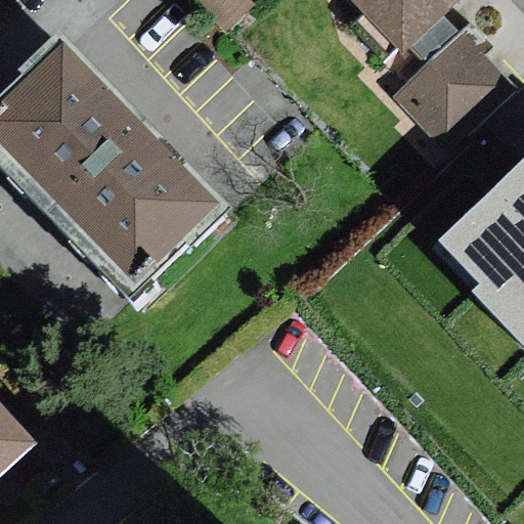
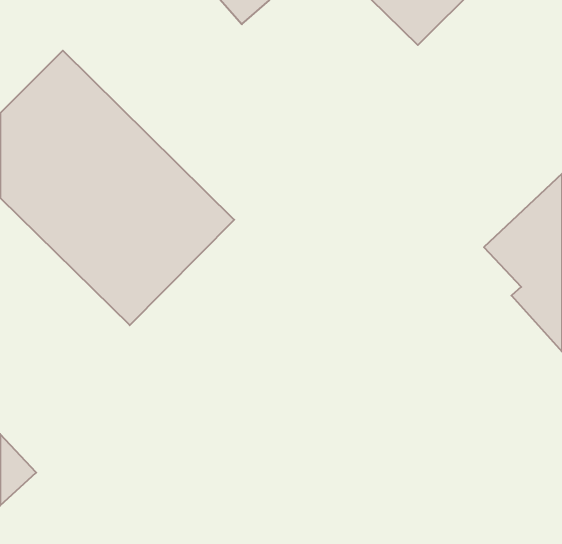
building: [404,37,509,139] -> none

